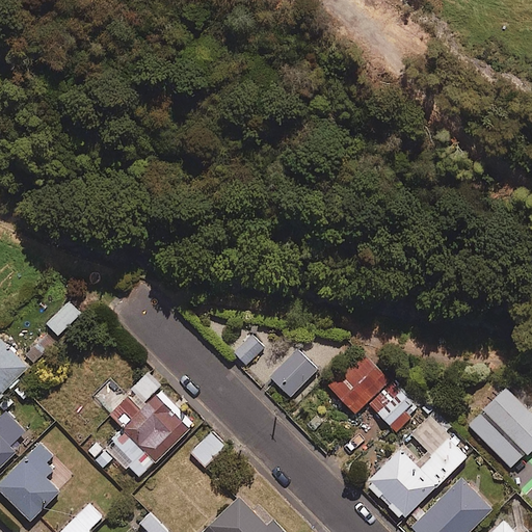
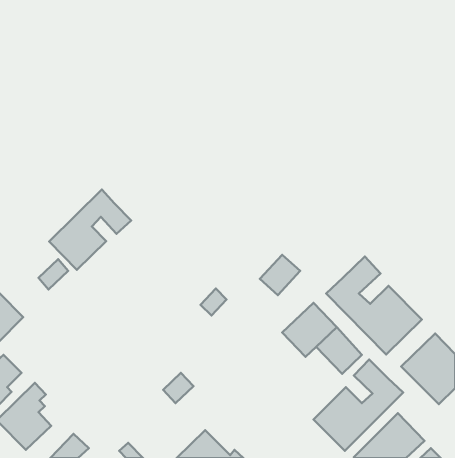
building: none -> [49,190,131,270]
building: none -> [326,257,422,355]
building: [270,350,317,397] -> [260,255,300,295]
building: [103,372,191,477] -> none

